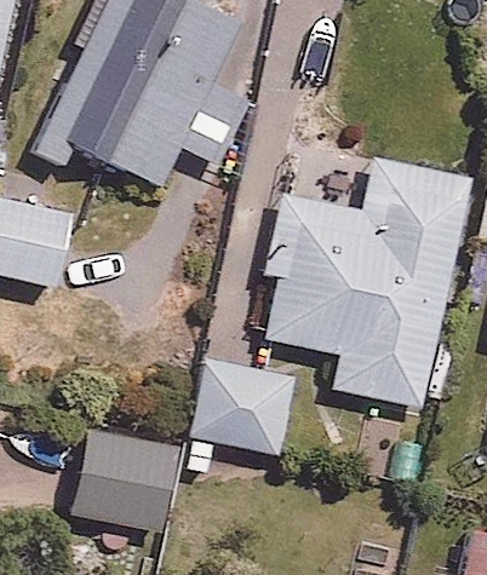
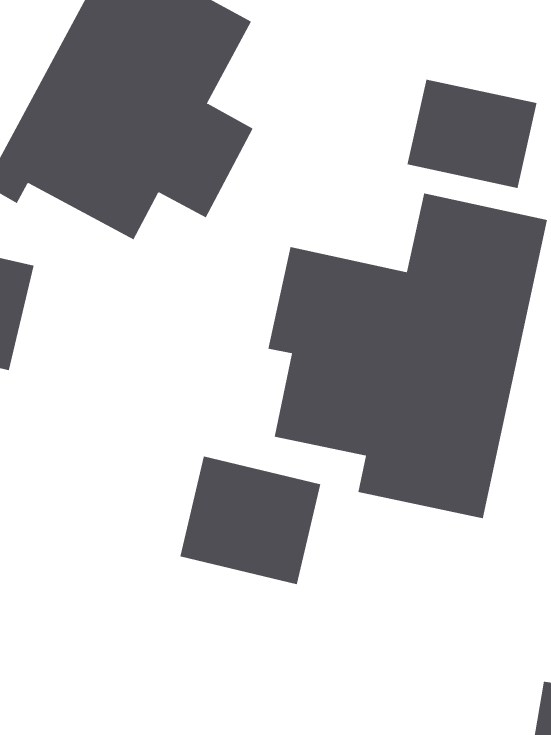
building: none -> [407,79,537,189]
building: [73,429,181,531] -> none

